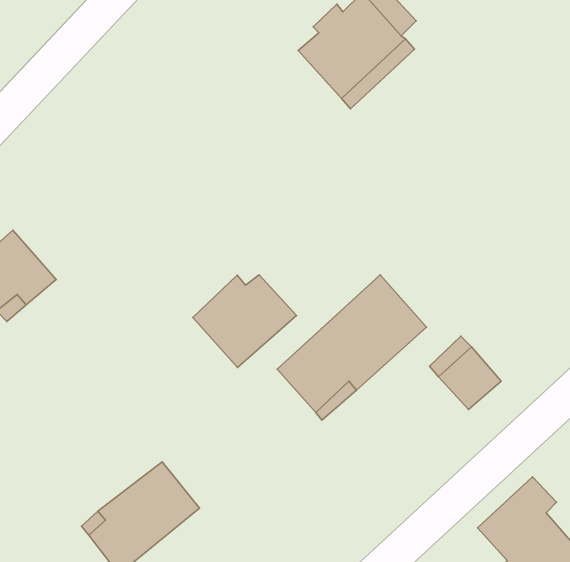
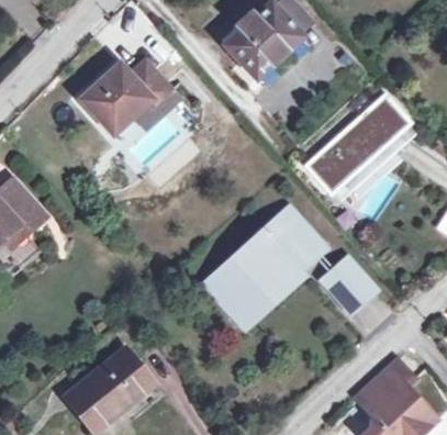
building: none -> [81,63,168,132]
building: none -> [303,91,412,196]
building: [193,275,296,368] -> none

